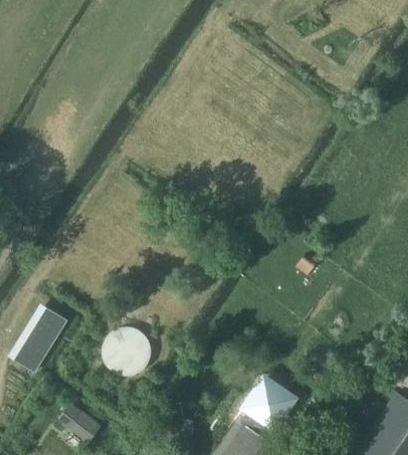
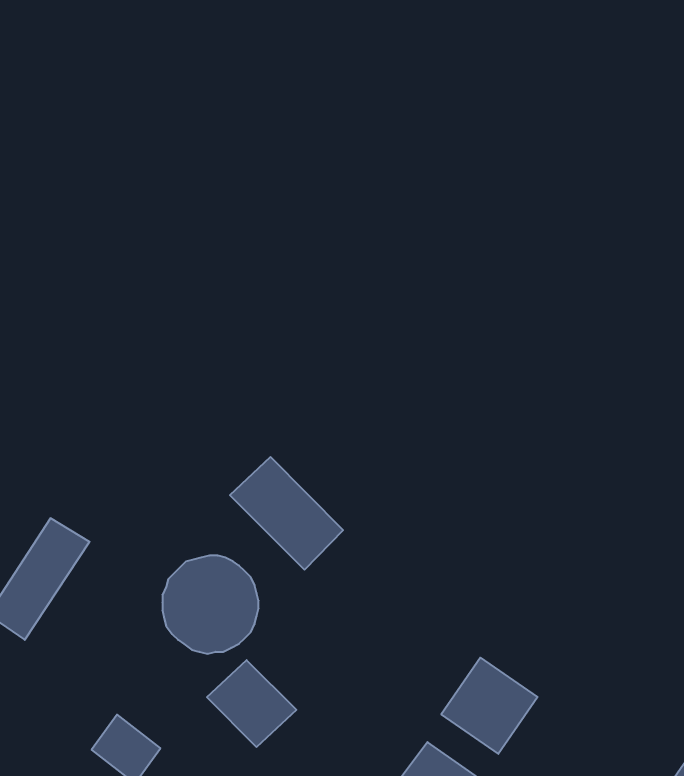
building: none -> [230,457,343,570]
building: none -> [207,660,296,747]

